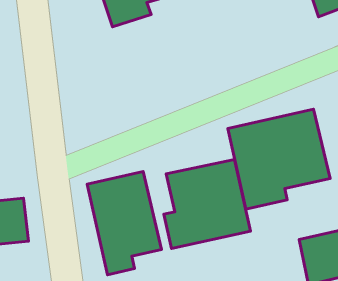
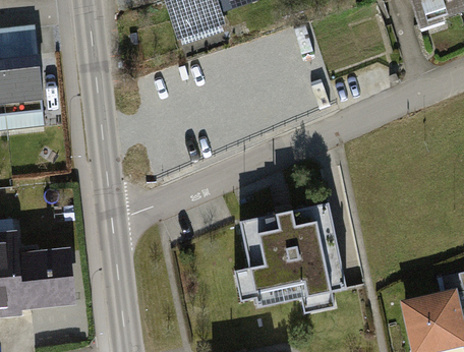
building: [228,109,330,209] -> none
building: [87,172,161,275] -> none

